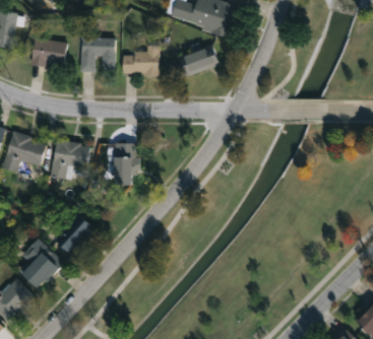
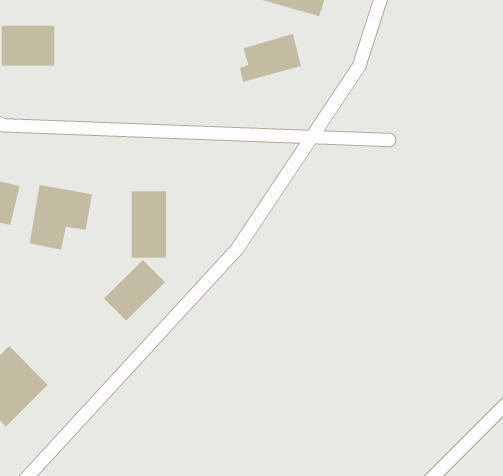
building: [81,39,116,71] -> none
building: [123,46,160,75] -> none
building: [55,216,94,255] -> [103,259,166,322]

